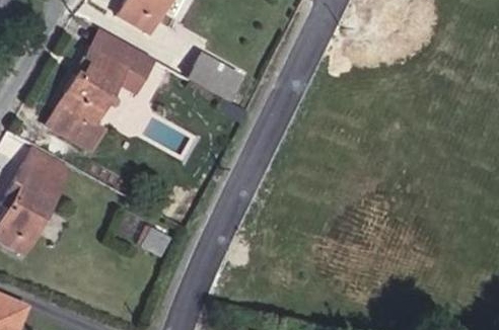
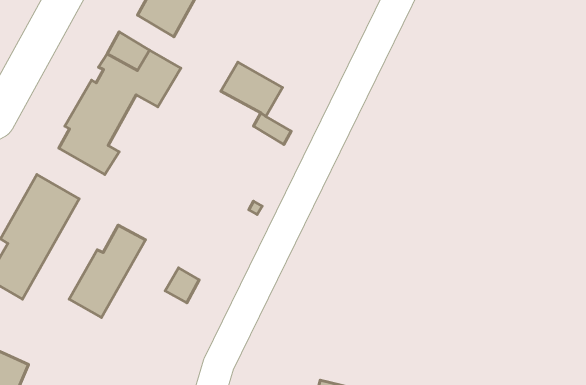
building: none -> [69,225,146,317]

